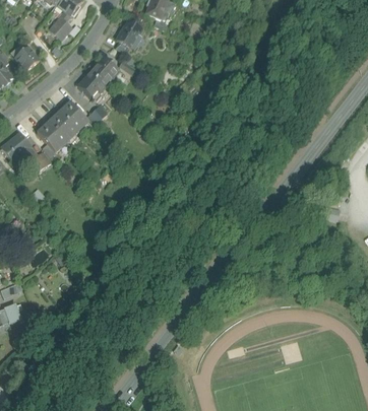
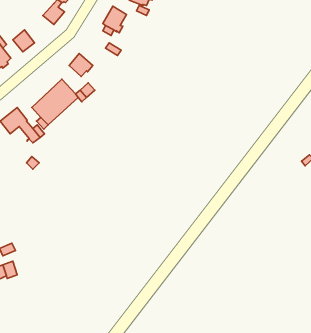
building: [89,56,119,85] -> none

